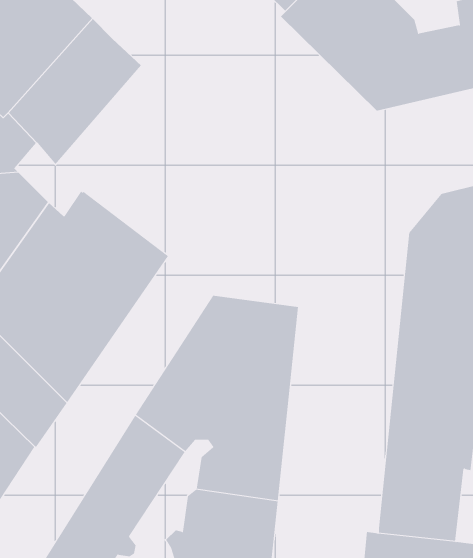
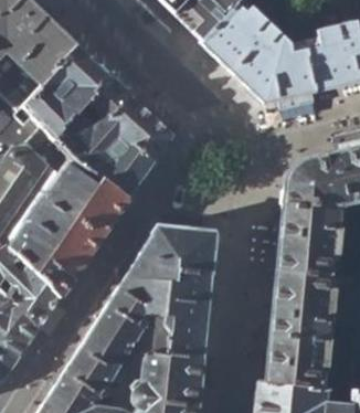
building: none -> [54,75,173,200]

